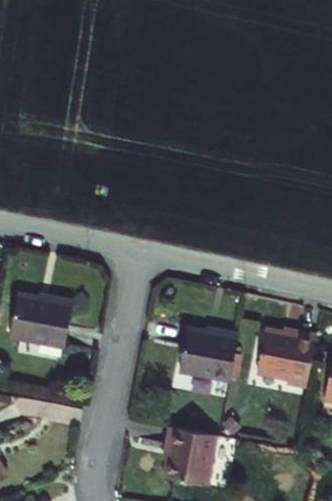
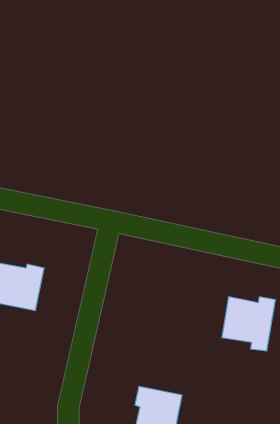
building: [181,329,240,379] -> none

